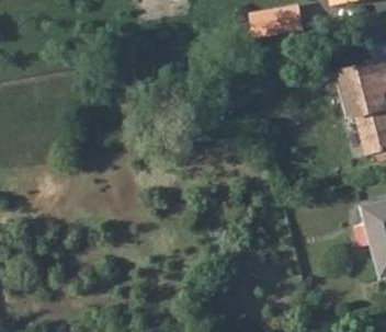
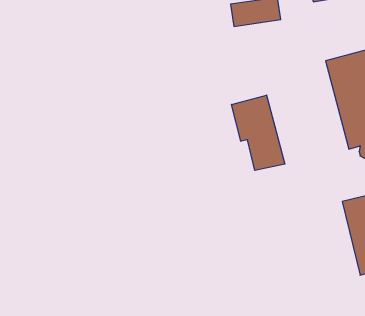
building: none -> [232,95,285,170]

